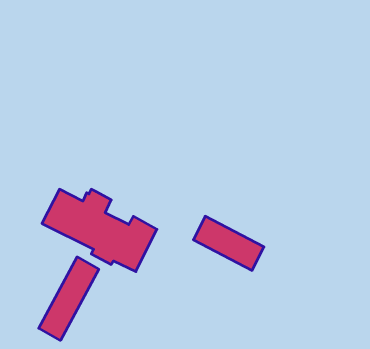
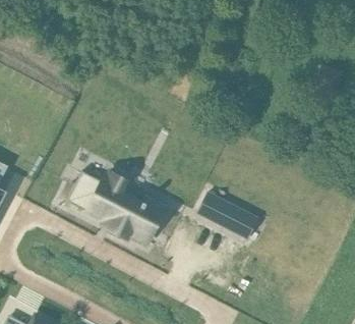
building: [39,257,99,340] -> none

